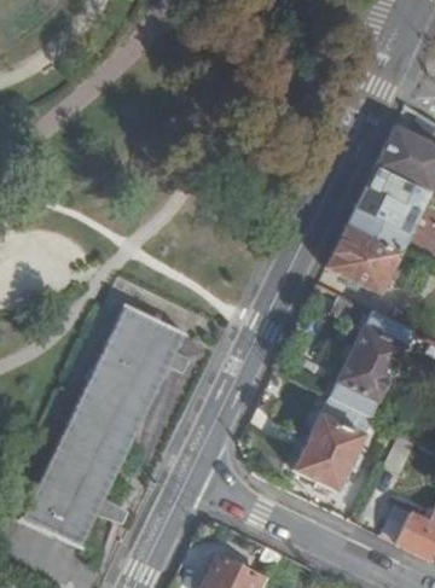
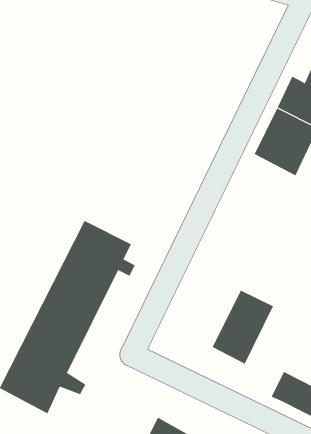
building: [325,223,399,293] -> none
building: [329,310,411,414] -> none

